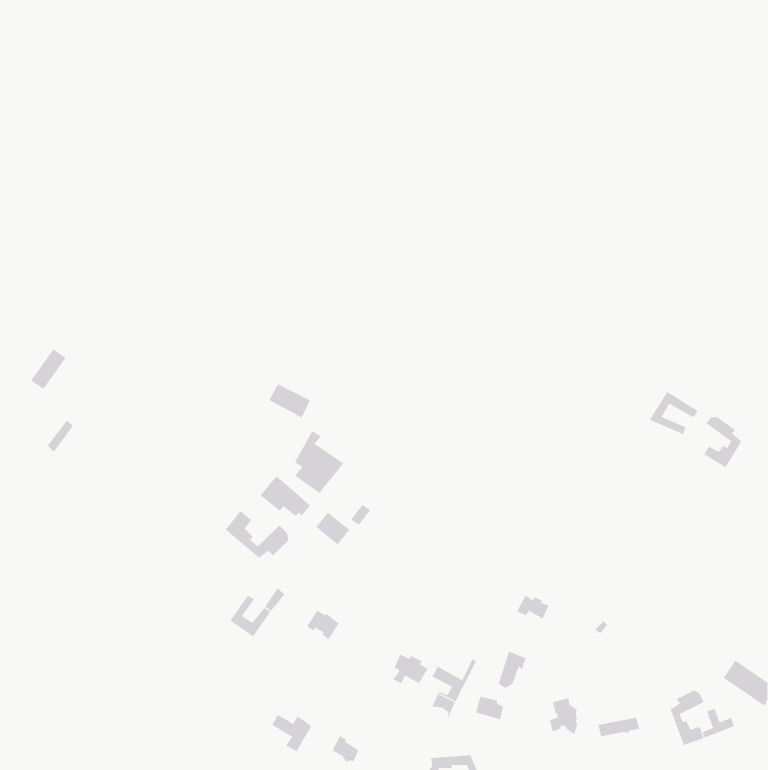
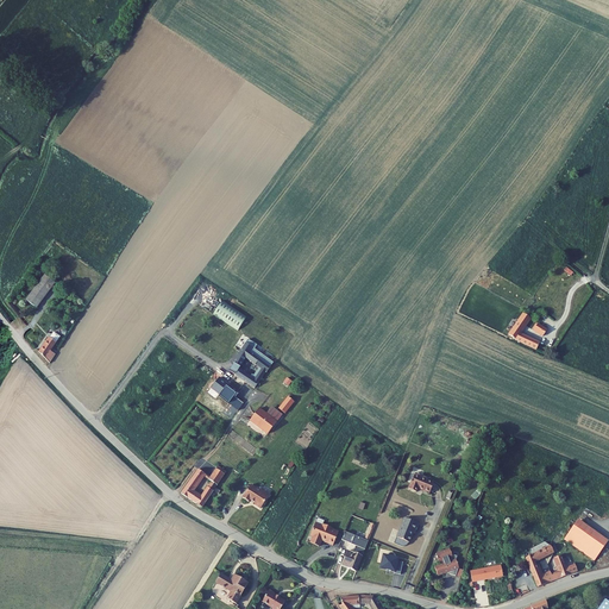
building: [703,416,742,468] -> none
building: [225,510,289,559] -> none

